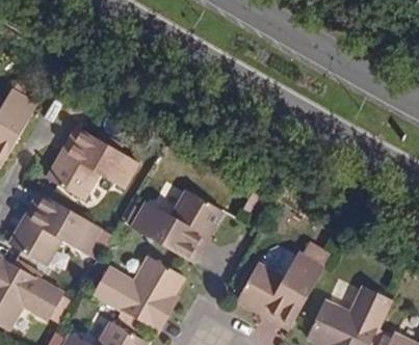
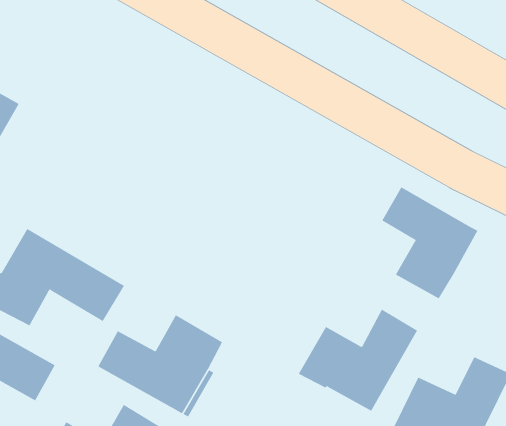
building: [47,129,138,200] -> none
building: none -> [382,186,478,299]
building: [131,190,221,261] -> none

